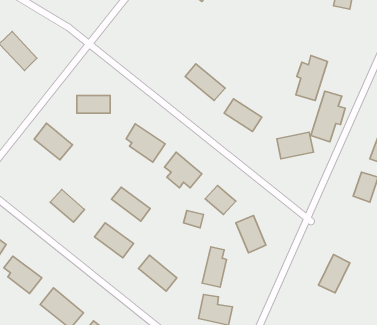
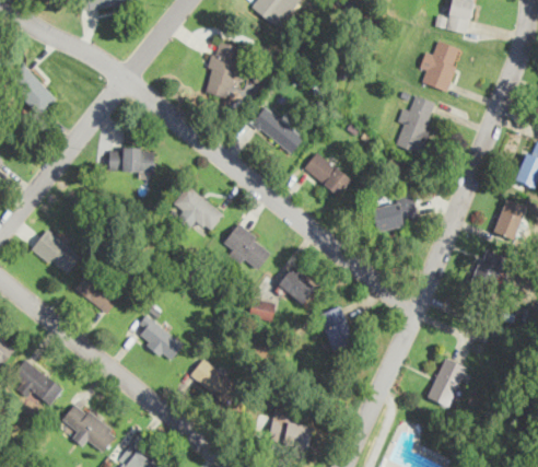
building: none -> [420,42,463,92]
building: none -> [204,43,241,100]
building: [311,91,345,142] -> none
building: [34,123,72,160] -> [32,229,82,277]
building: [111,187,150,221] -> none
building: [202,247,226,287] -> none

